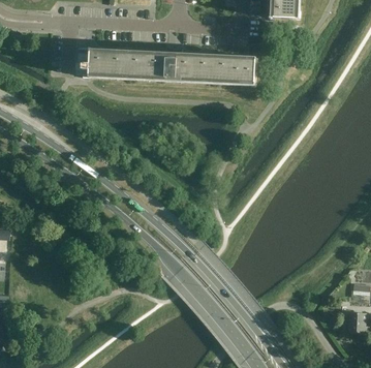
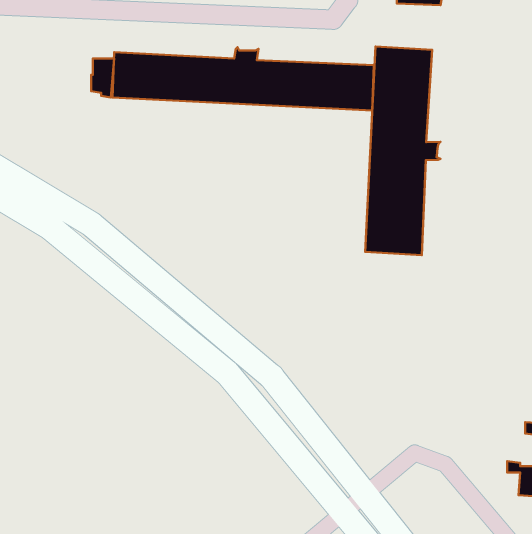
building: none -> [365,46,440,255]

